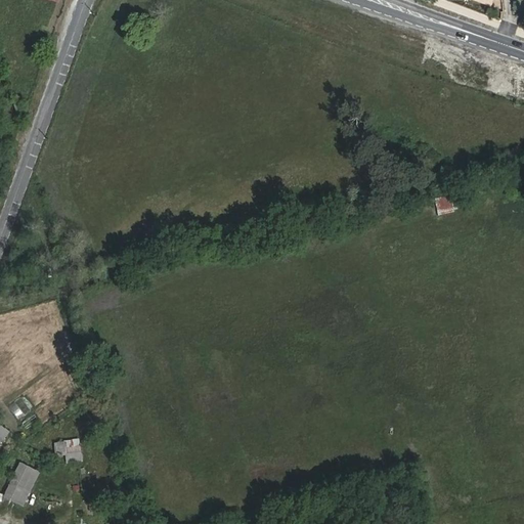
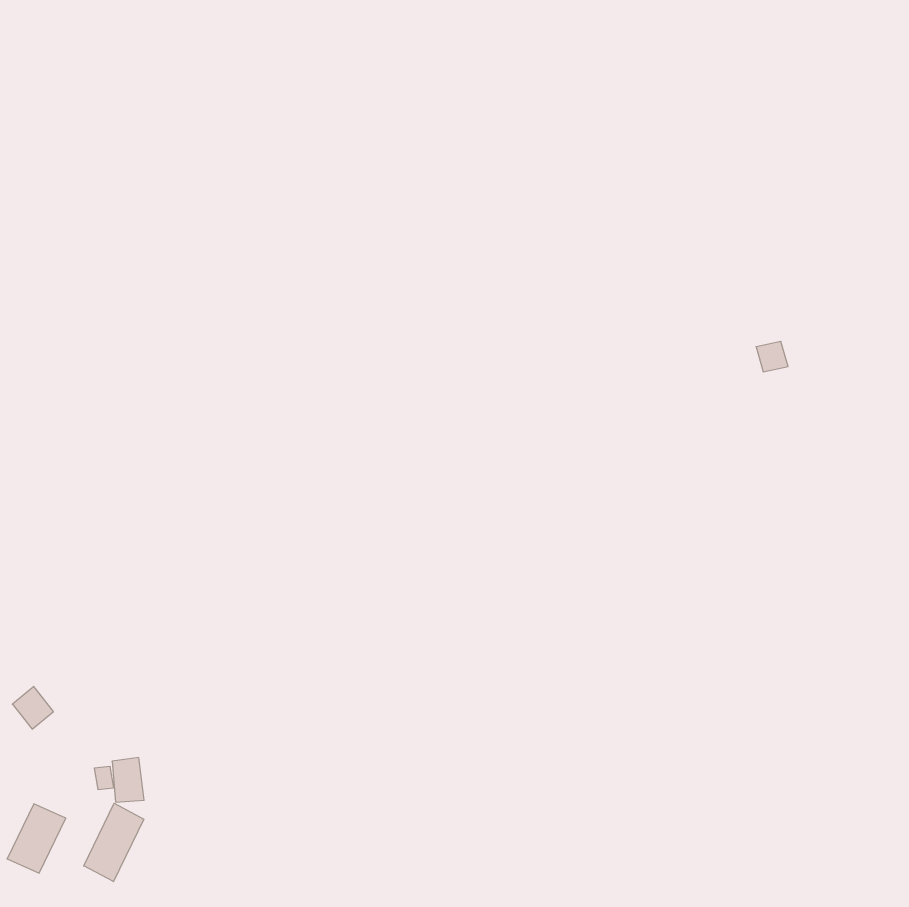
building: none -> [84,803,144,882]

